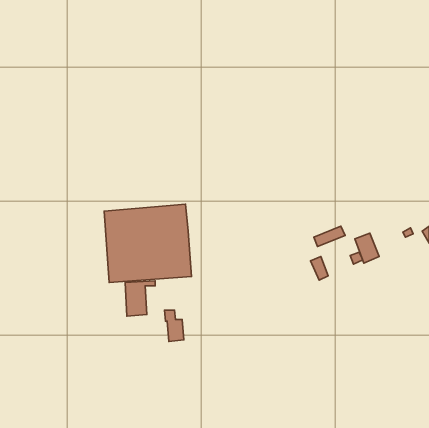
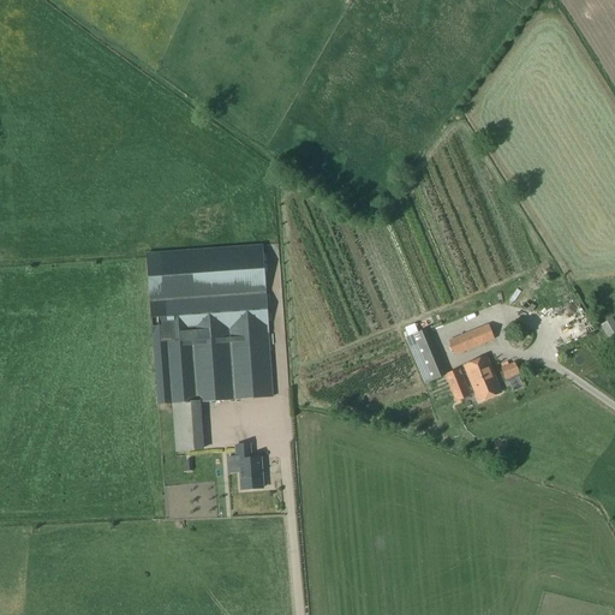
building: none -> [145,244,265,298]
building: none -> [406,327,443,380]
building: [355,233,379,263] -> [465,356,500,399]

